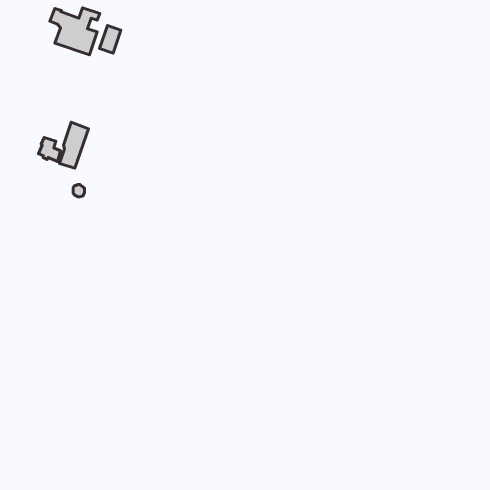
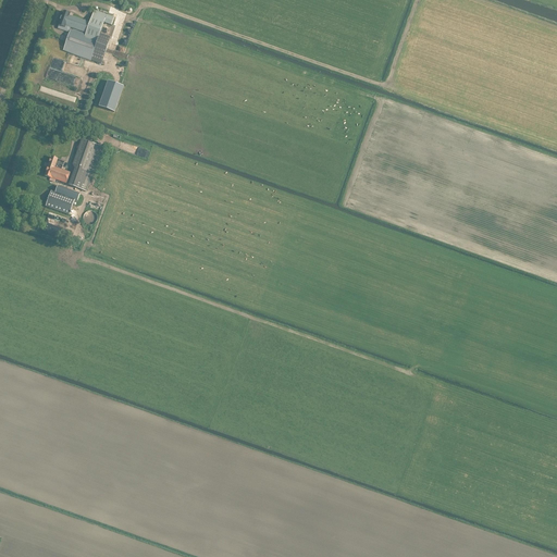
building: [100,25,121,53] -> [98,79,122,111]
building: none -> [45,185,78,213]

